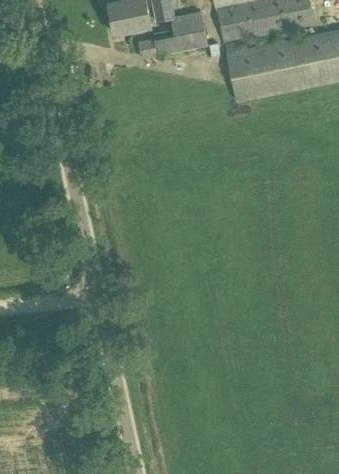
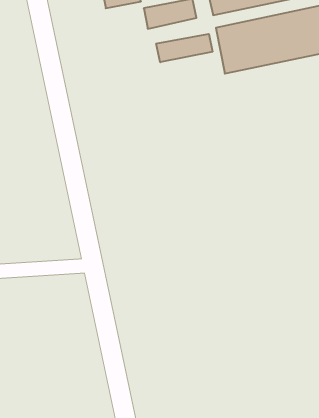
building: none -> [156,34,212,62]

